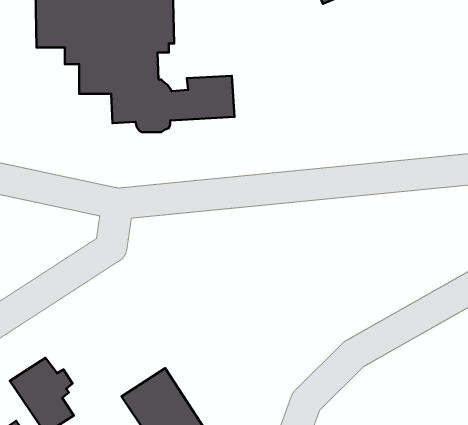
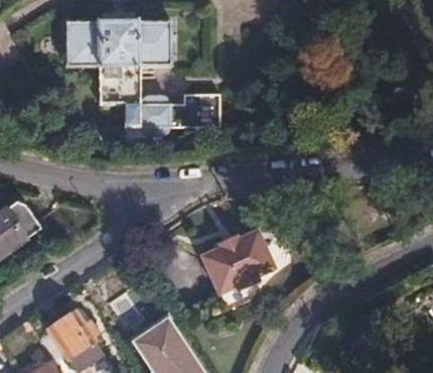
building: none -> [200,229,273,292]

